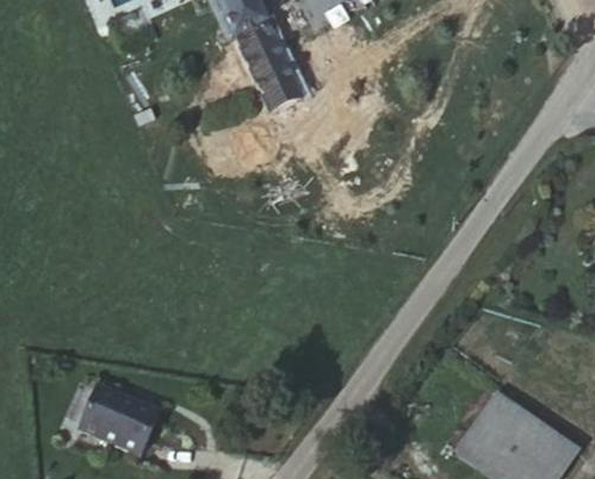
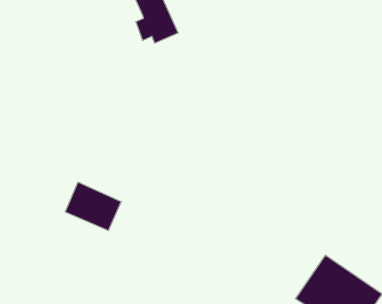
building: [82,386,161,454] -> [65,182,121,231]

